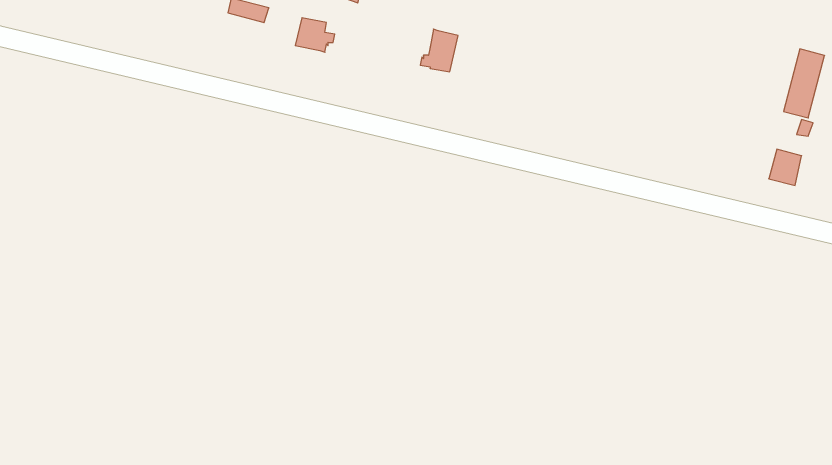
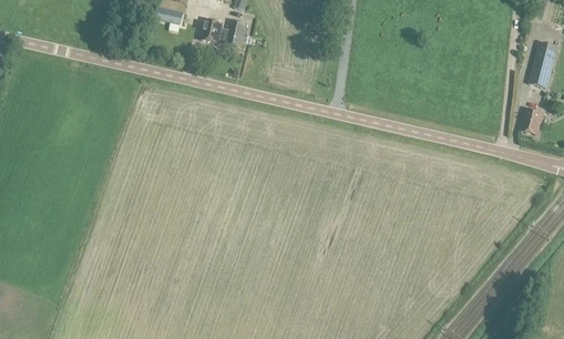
building: [420,29,458,72] -> [221,18,246,47]

